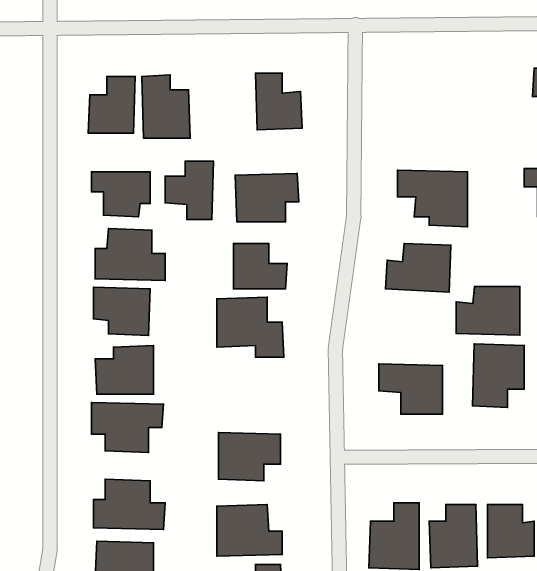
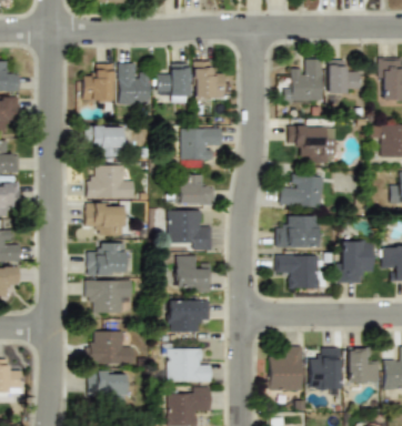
building: none -> [285,59,323,101]
building: none -> [328,60,361,93]
building: [165,161,214,220] -> [158,63,190,102]
building: [456,287,520,335] -> [277,215,319,247]
building: none -> [177,255,212,291]

